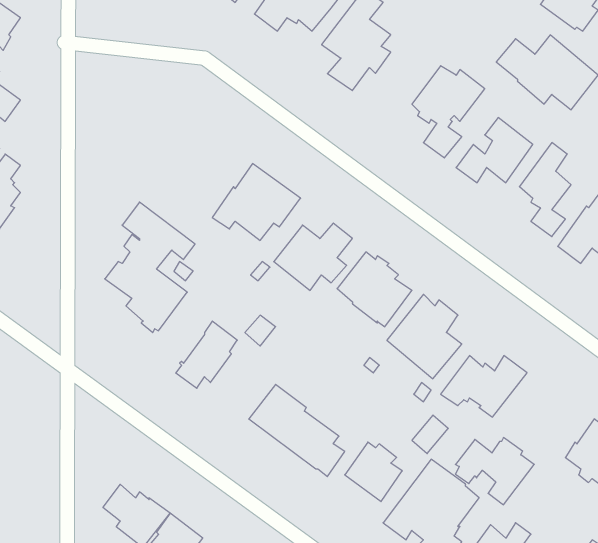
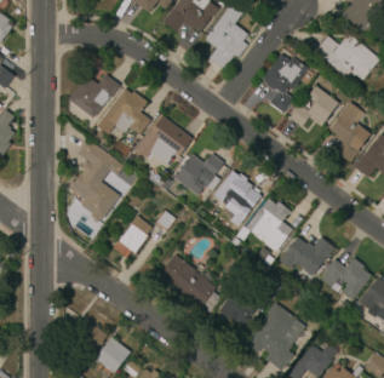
building: none -> [69,74,120,119]
building: none -> [97,88,151,136]
building: [455,438,534,505] -> [322,257,372,299]

